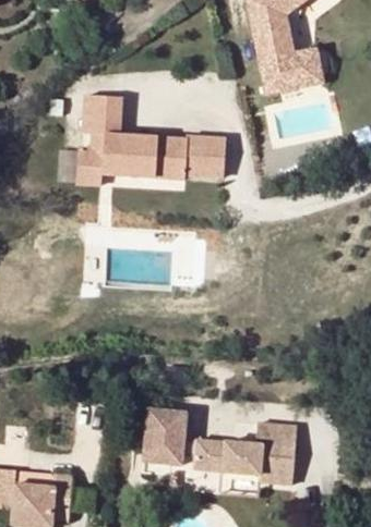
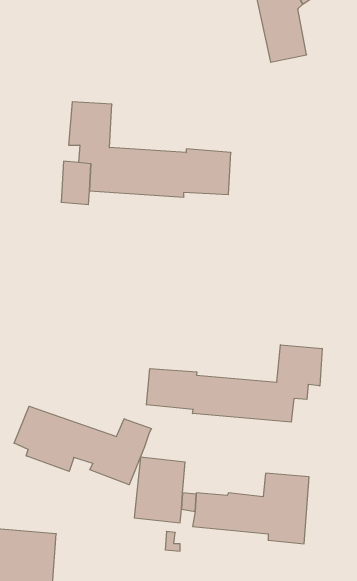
building: [262,49,323,93] -> none
building: none -> [147,345,322,422]
building: none -> [14,406,151,485]

